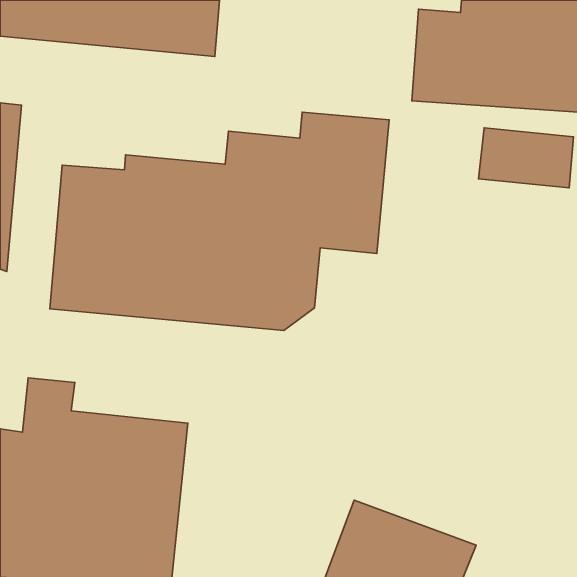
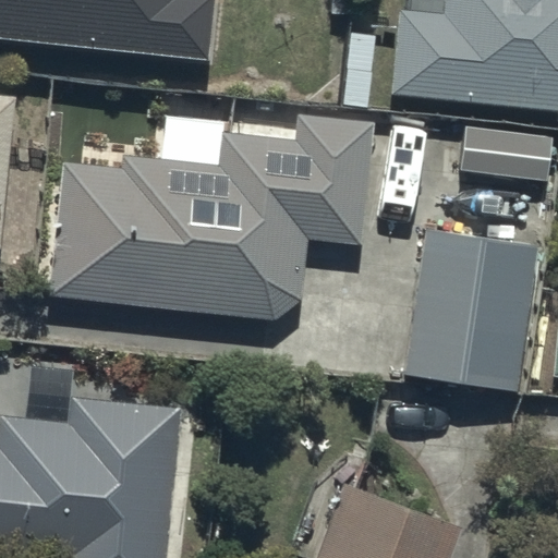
building: none -> [399,222,539,387]

